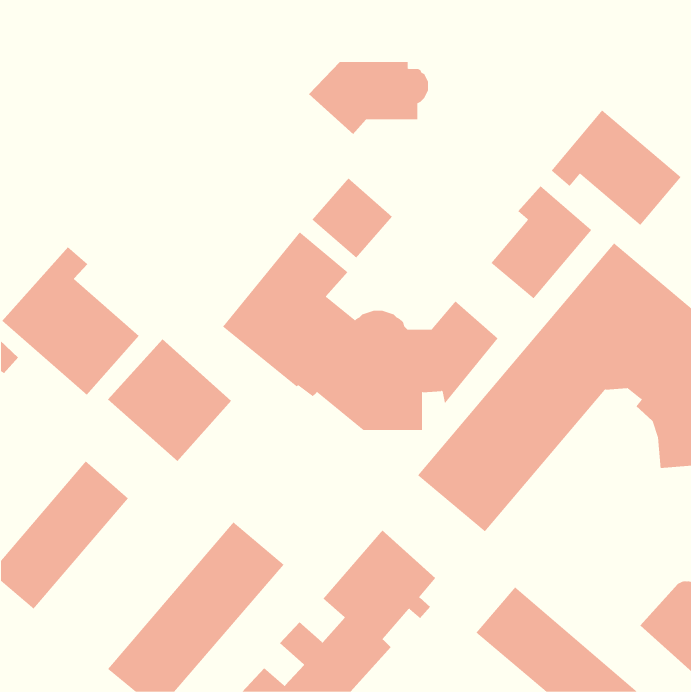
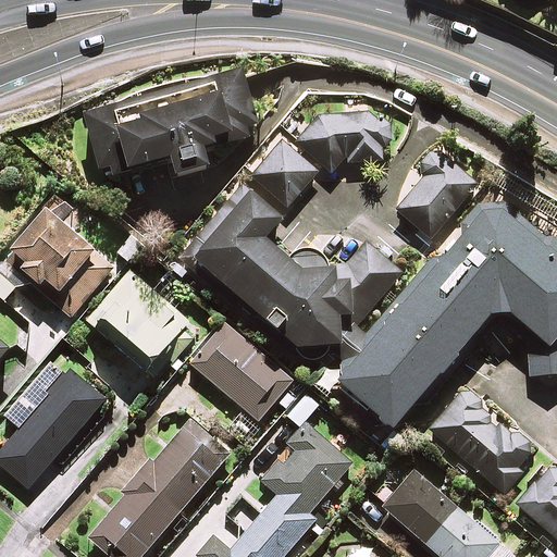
building: [308,62,429,135] -> [295,115,392,174]
building: none -> [83,70,256,178]
building: [551,109,681,226] -> none
building: none -> [189,323,293,422]
building: none -> [429,394,534,495]

